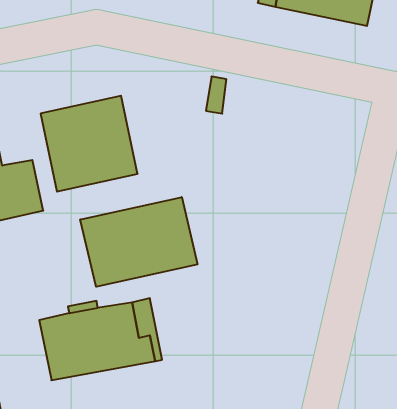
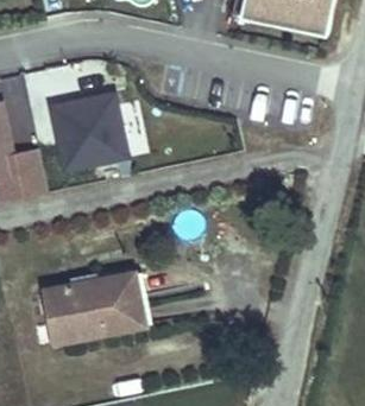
building: [80,197,197,287] -> none

